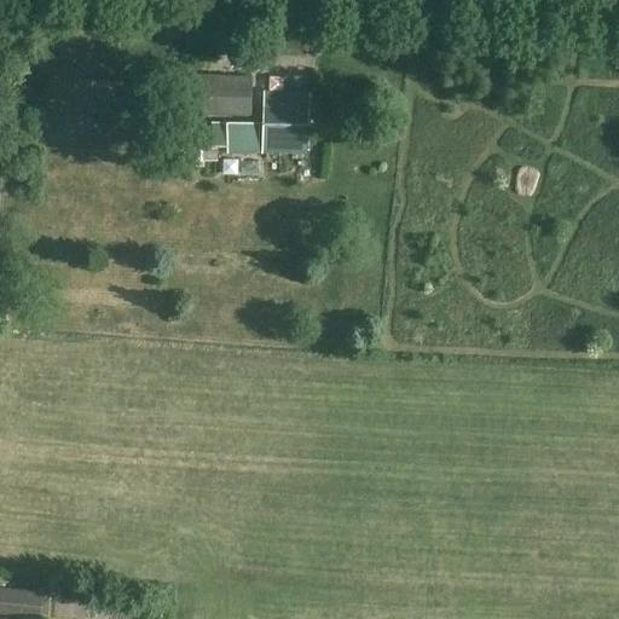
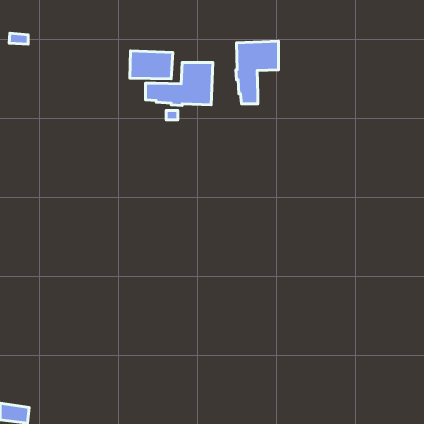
building: none -> [236,41,279,104]

